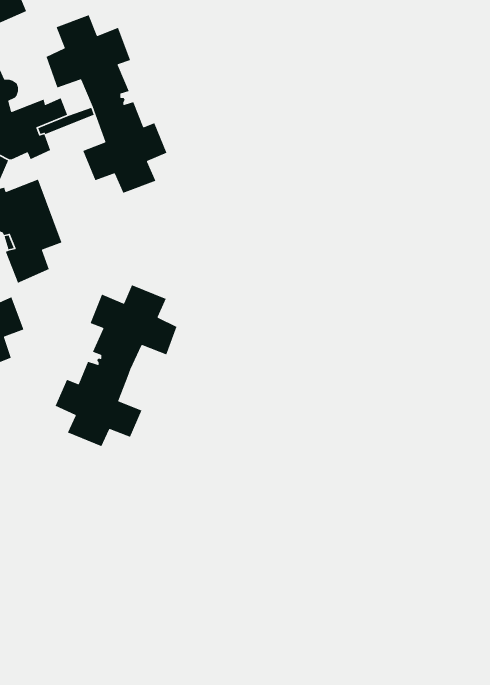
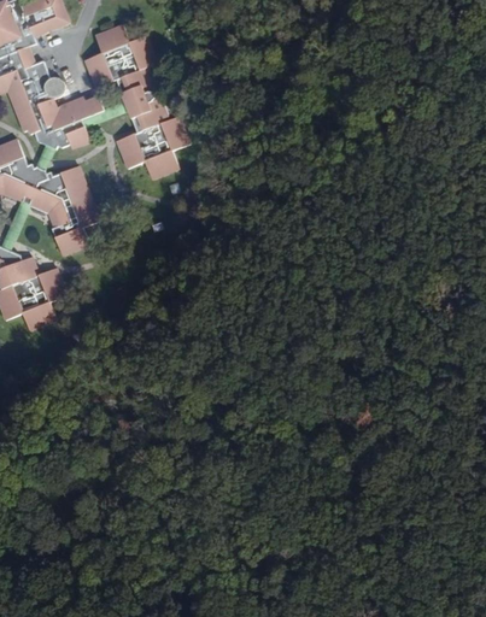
building: [54,284,178,447] -> none

